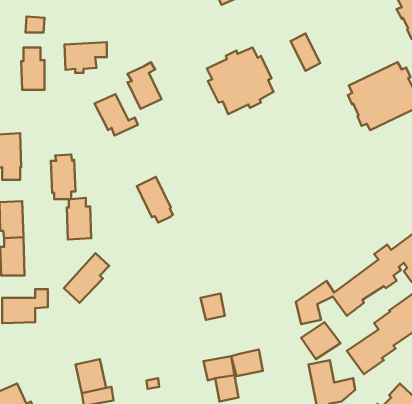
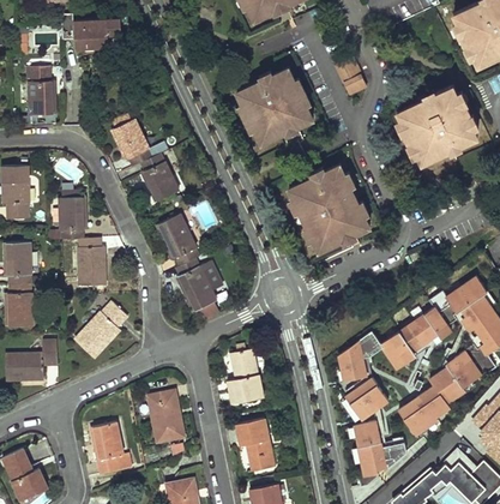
building: [65,42,107,73] -> [73,20,121,55]
building: [128,62,162,109] -> [141,151,180,204]
building: none -> [289,164,369,250]
building: none -> [177,260,223,312]
building: none -> [146,390,185,443]
building: [231,350,263,376] -> [227,372,263,402]

